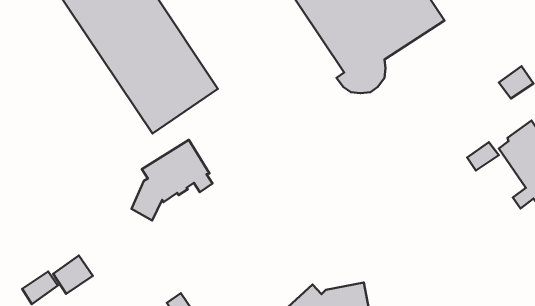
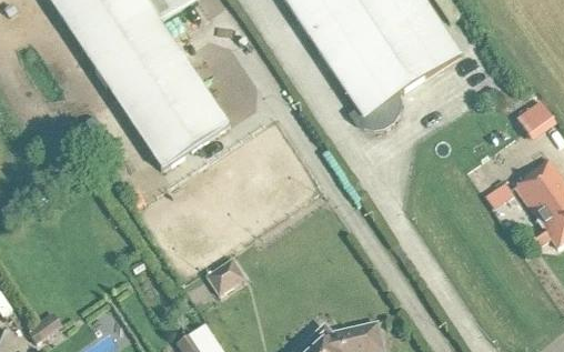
building: [131,140,213,220] -> none
building: none -> [207,257,246,293]
building: [53,256,93,294] -> none

